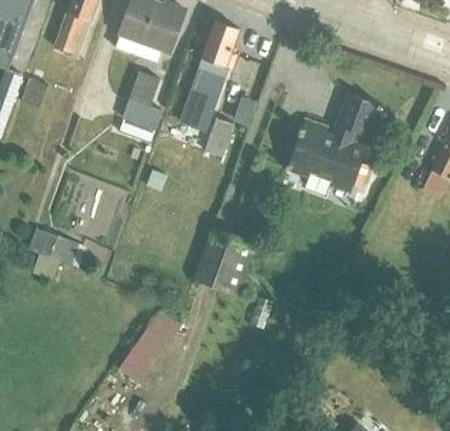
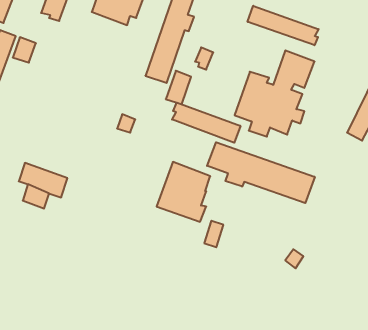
building: none -> [248,6,319,45]
building: [119,70,161,142] -> none
building: none -> [172,103,240,143]
building: none -> [207,142,315,203]
building: [118,308,182,384] -> none

